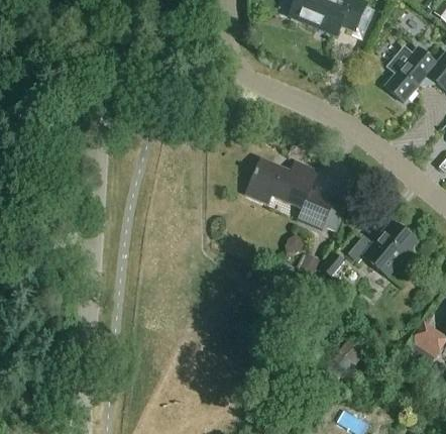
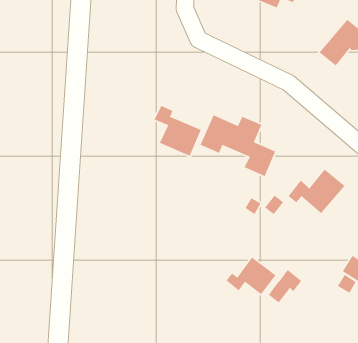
building: none -> [154,105,202,157]
building: none -> [225,256,277,295]

